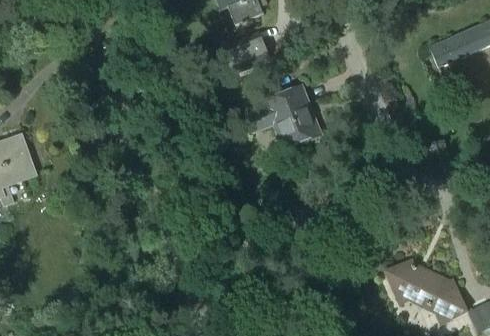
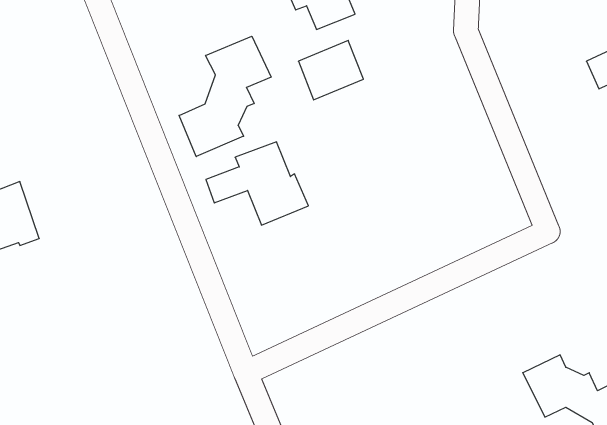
building: none -> [179,36,271,157]
building: [247,88,321,148] -> [206,142,308,225]

